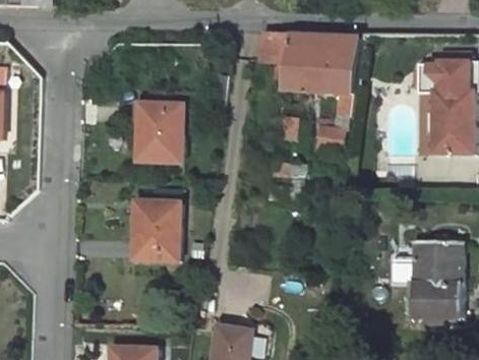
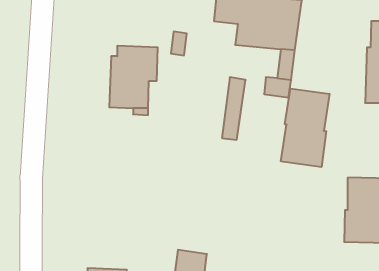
building: none -> [281,88,329,167]
building: [133,199,179,258] -> none

